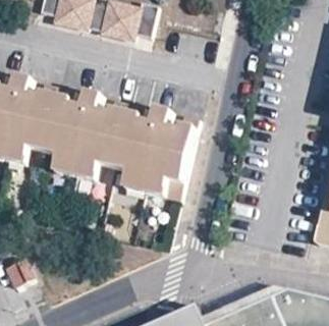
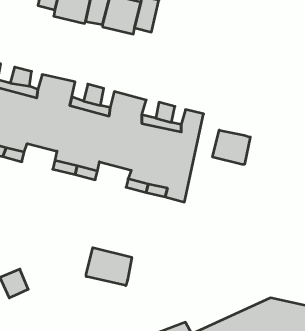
building: none -> [213,130,250,164]
building: none -> [86,248,132,286]

